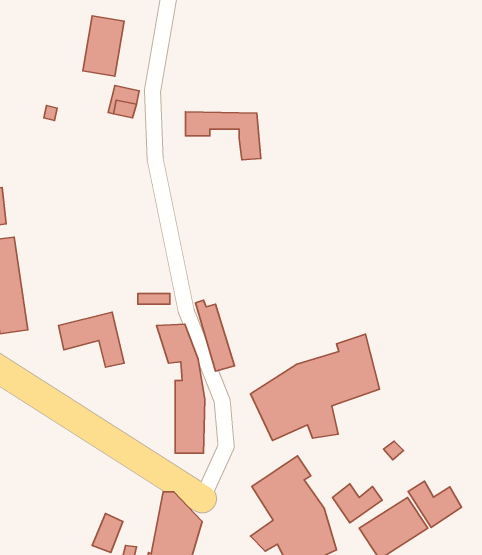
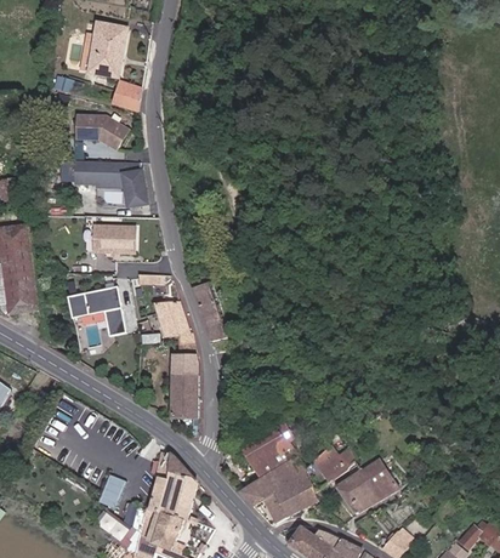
building: [186,112,261,160] -> [72,164,140,207]
building: none -> [73,121,126,154]
building: none -> [96,223,135,251]
building: [251,334,379,440] -> none
building: [408,481,462,527] -> none

